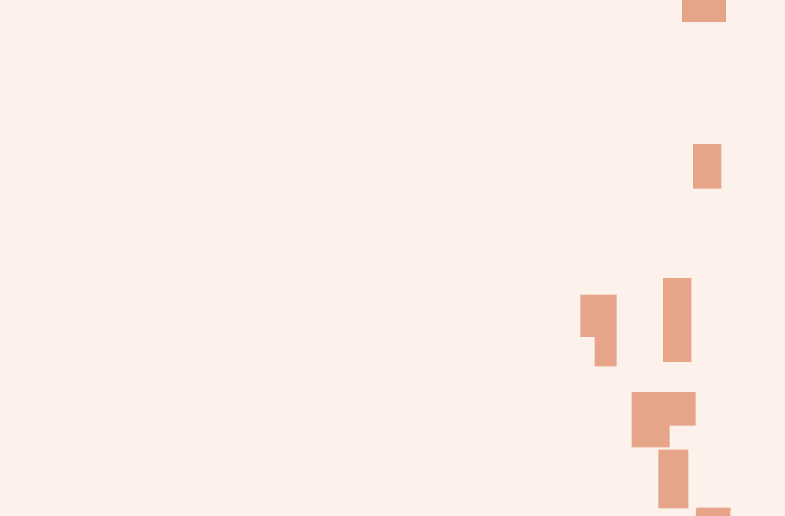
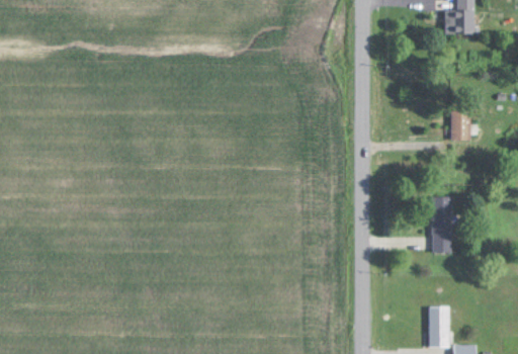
building: [580,294,617,367] -> none
building: [631,391,696,448] -> none

